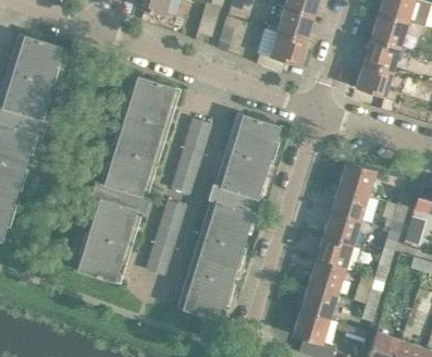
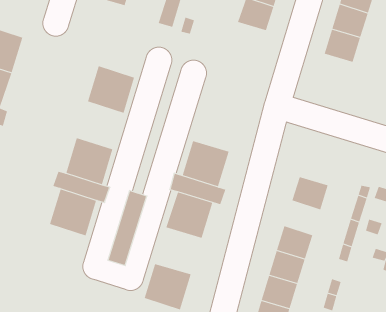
building: [269,32,306,65] -> none
building: [356,63,393,97] -> none
building: [115,111,163,159] -> none
building: [232,114,280,161] -> none
building: [172,119,211,193] -> none
building: [338,161,375,195] -> none
building: [323,210,360,245] -> none
building: [77,234,125,282] -> none
building: [194,237,242,284] -> none

